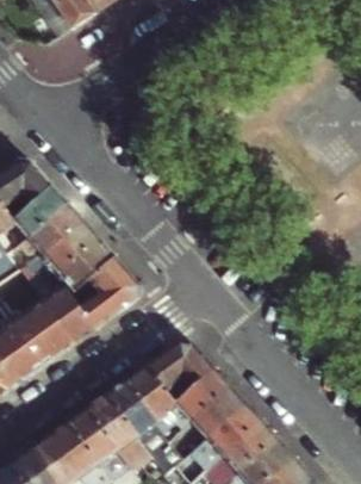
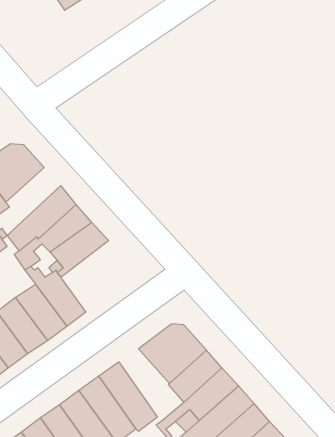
building: [11,185,66,238] -> none
building: [66,257,137,329] -> none
building: [124,366,174,422] -> none

